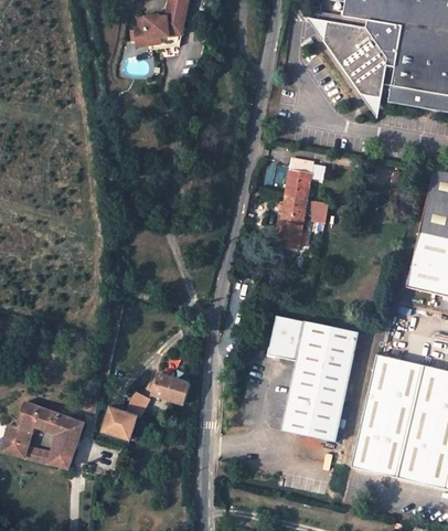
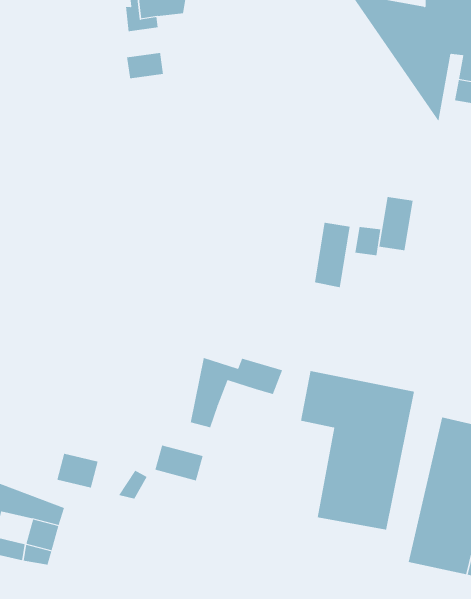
building: none -> [127,52,164,79]
building: [287,158,314,201] -> [378,196,413,251]
building: none -> [190,357,283,428]
building: [105,410,138,437] -> [57,453,99,488]

